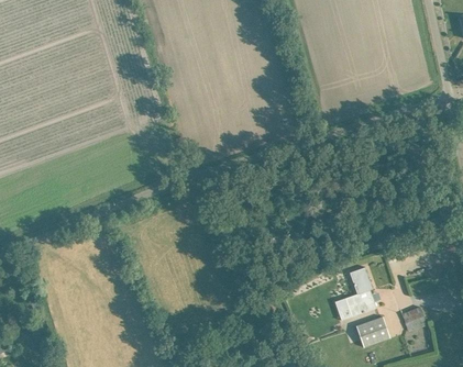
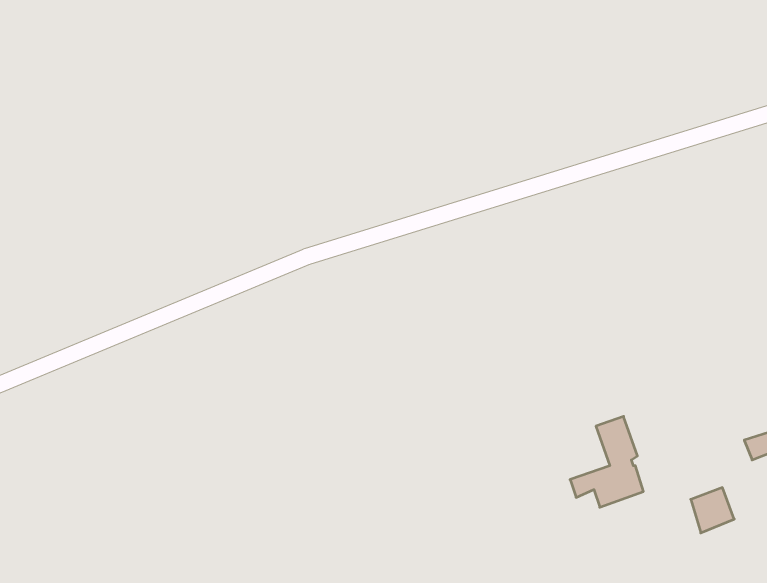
building: [355,316,389,347] -> none

